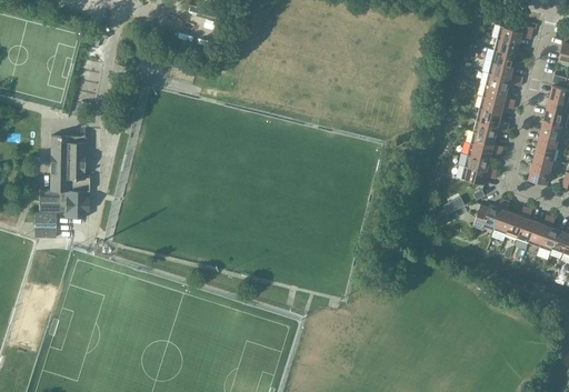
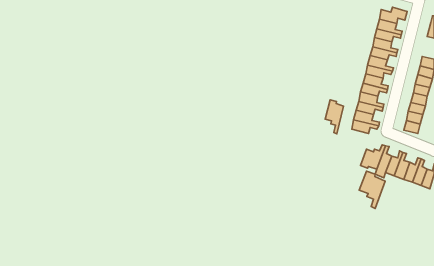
building: [33,134,88,237] -> none
building: none -> [325,100,344,134]
building: none -> [359,171,385,208]

